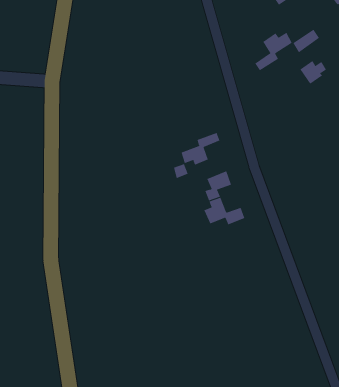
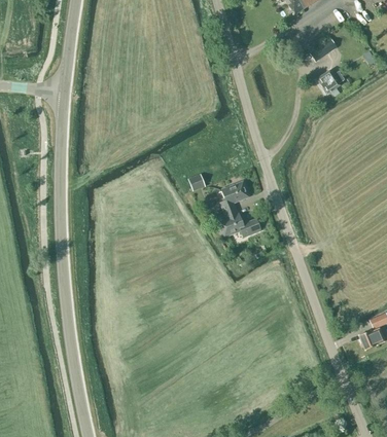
building: [254,32,293,71] -> none
building: [181,132,220,165] -> none

